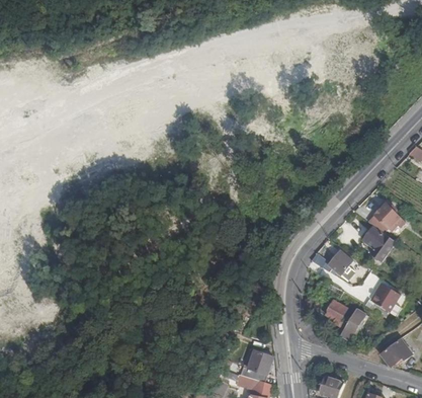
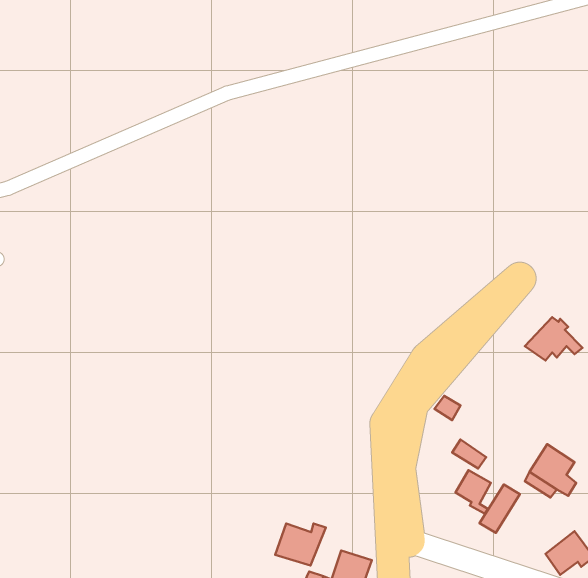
building: [363,227,396,260] -> none
building: [328,250,356,282] -> none
building: none -> [275,523,326,566]

